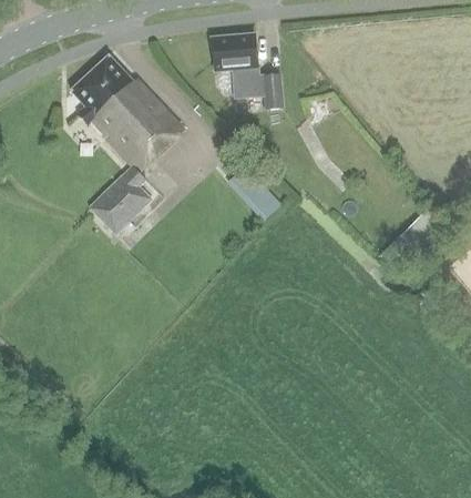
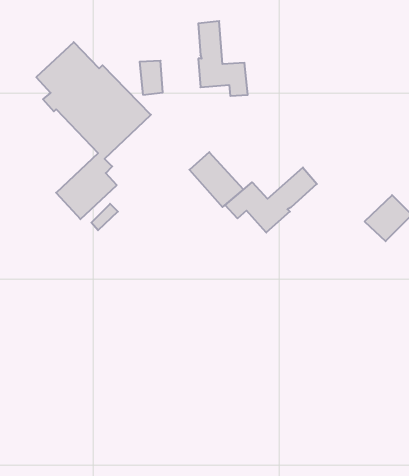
building: [212,35,235,70] -> [140,61,163,95]
building: none -> [225,167,317,233]

